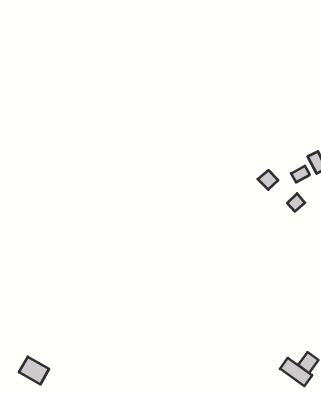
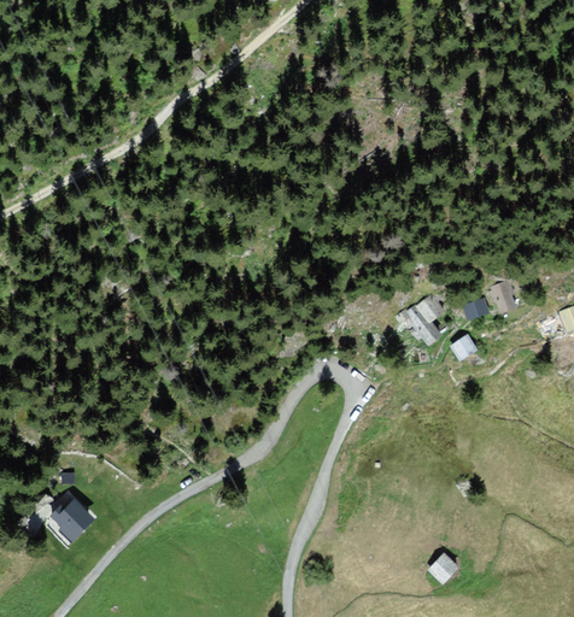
building: none -> [402,305,438,347]
building: [280,358,312,386] -> none

